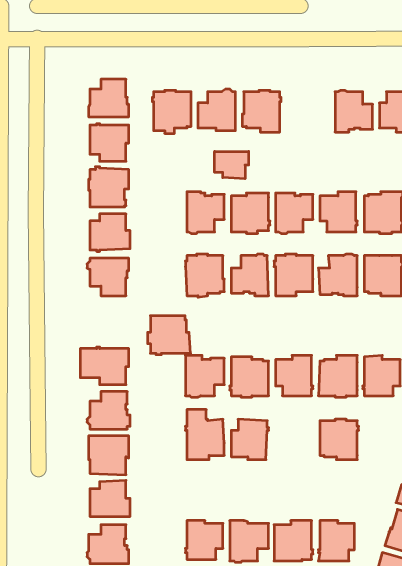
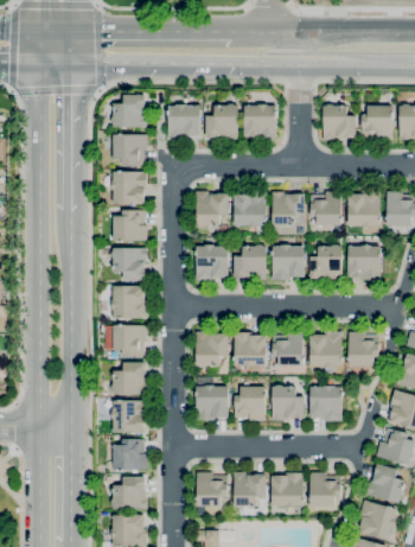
building: [215,151,249,179] -> none
building: [148,316,191,355] -> [111,287,148,320]
building: none -> [273,386,305,421]

